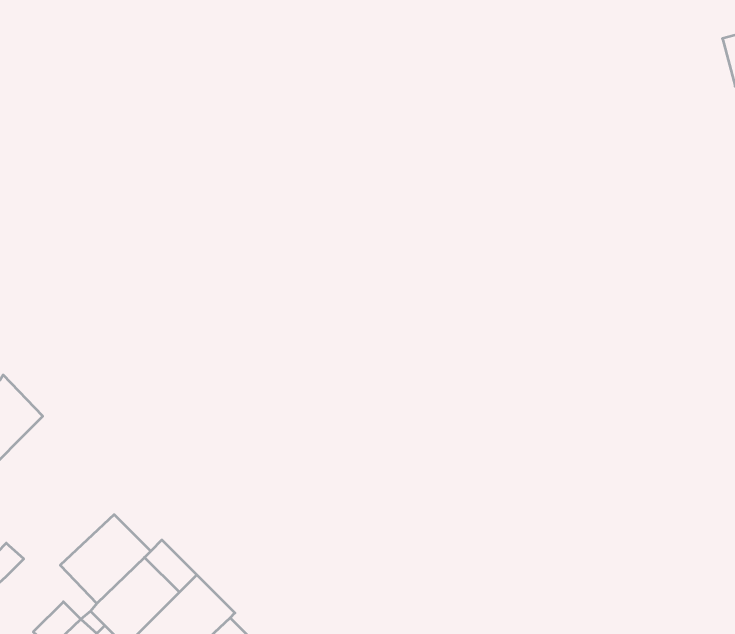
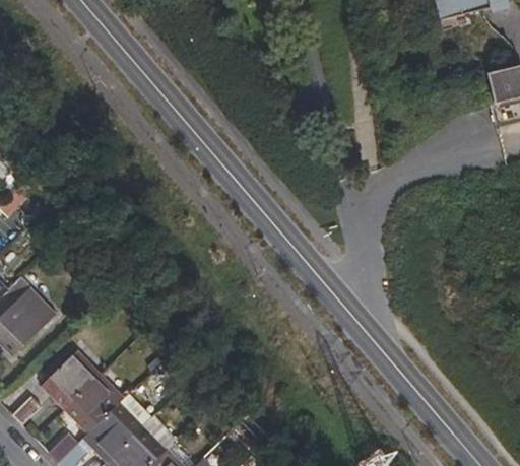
building: none -> [41,352,100,410]

